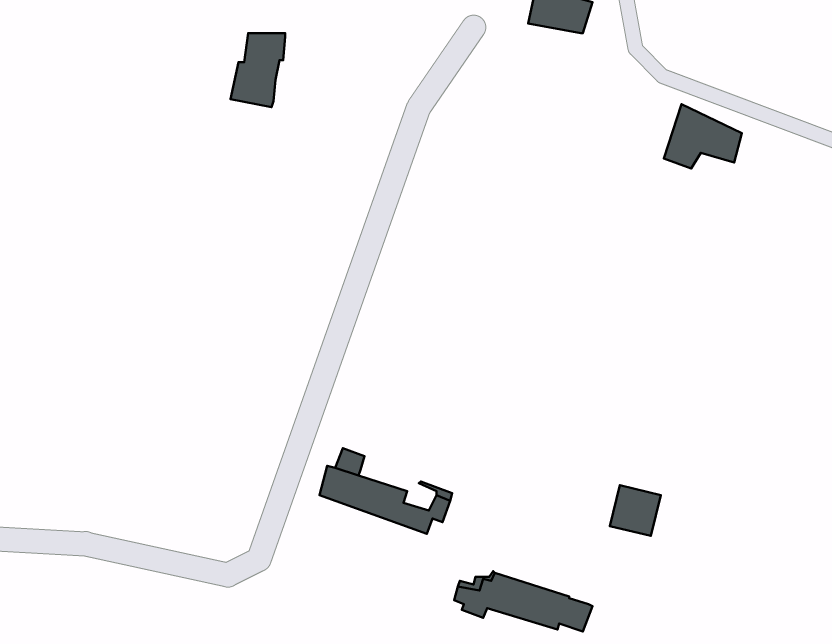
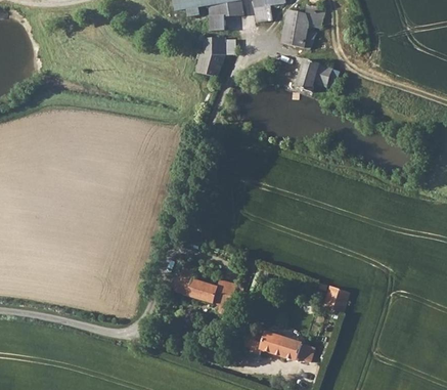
building: [231,33,285,107] -> [197,37,226,76]
building: [664,104,742,168] -> [298,57,339,91]

